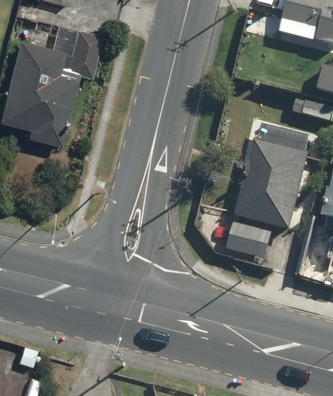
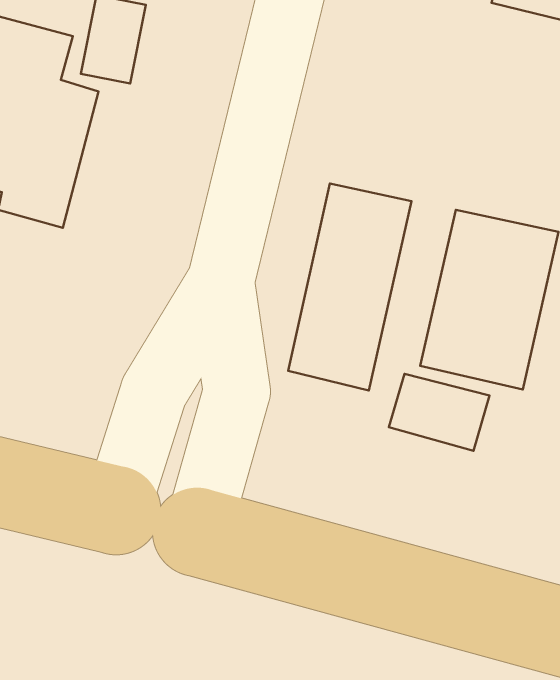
building: none -> [288,183,412,391]

